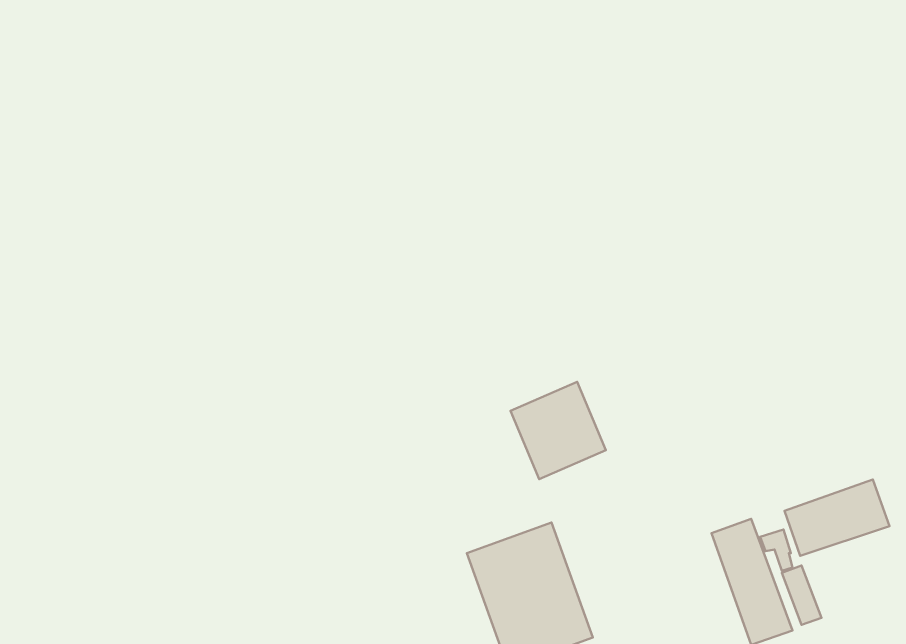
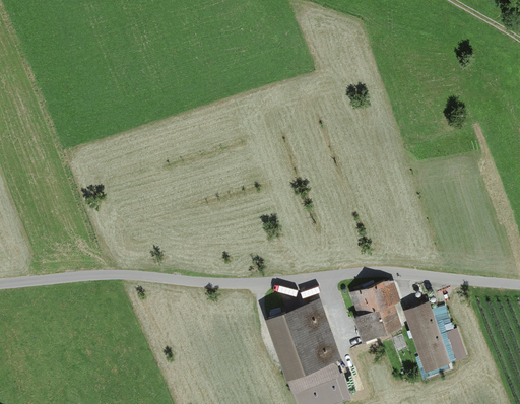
building: [511,382,606,479] -> [346,285,400,340]
building: [785,480,890,556] -> none

